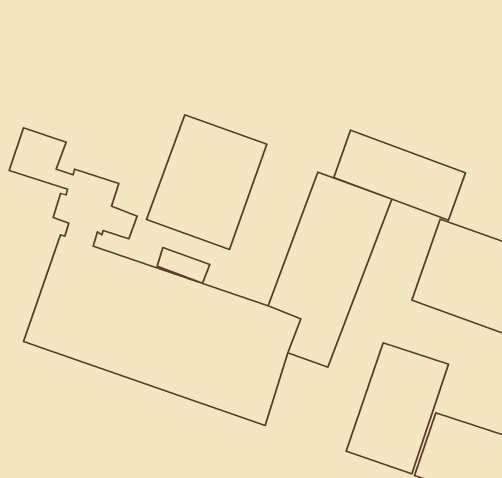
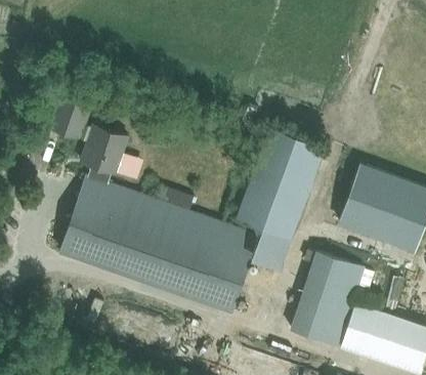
building: [147,115,267,250] -> none
building: [334,130,465,220] -> none

